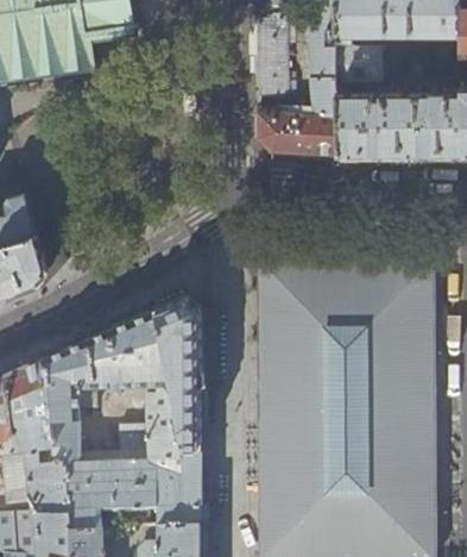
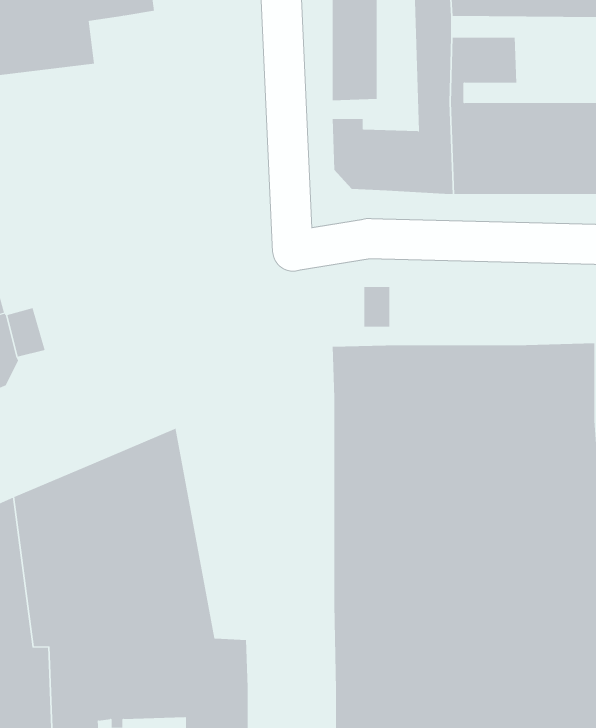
building: [152,300,200,457] -> none

